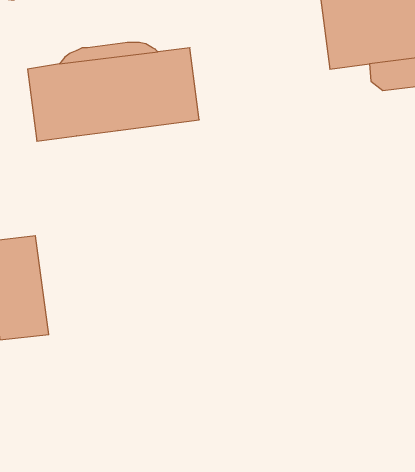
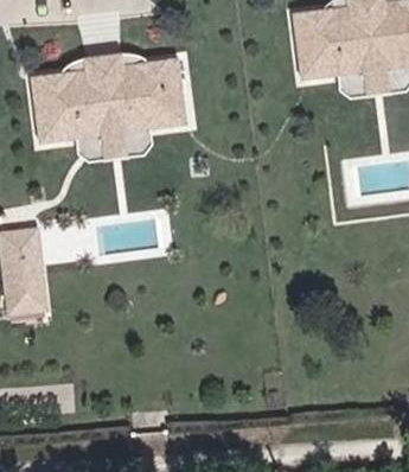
building: none -> [75,128,149,160]

